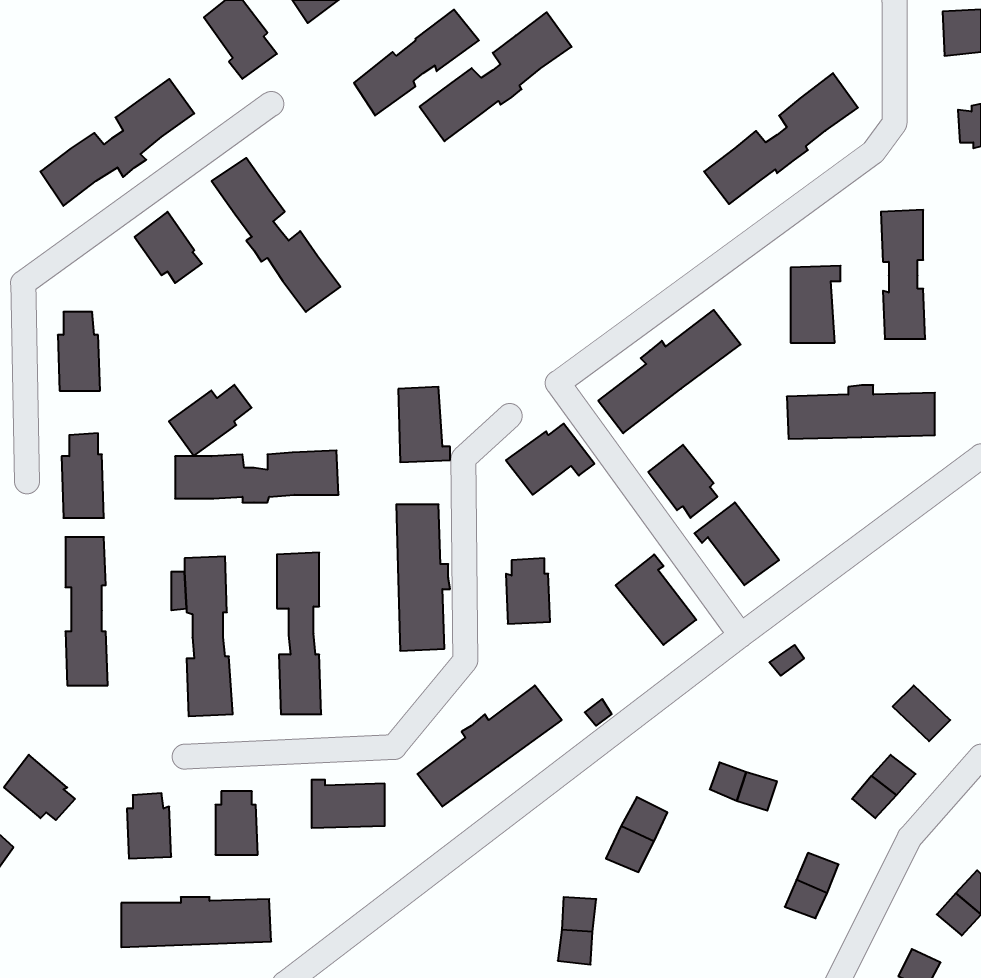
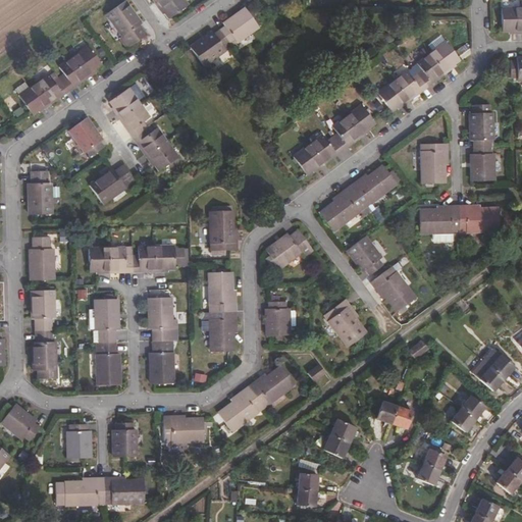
building: [420,12,572,141] -> [289,107,369,175]
building: [169,385,252,456] -> [92,164,136,202]
building: none -> [484,355,515,384]

